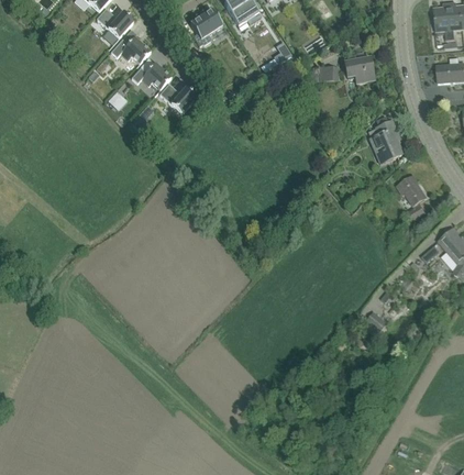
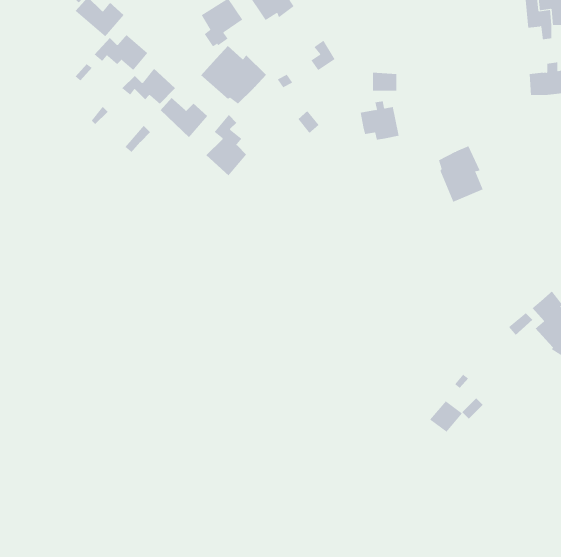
building: none -> [200,45,267,105]
building: [344,53,374,82] -> [360,101,400,140]
building: none -> [205,114,247,176]
building: [397,175,427,221] -> none

